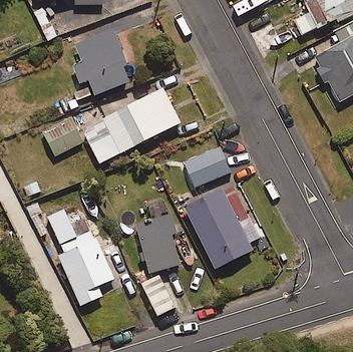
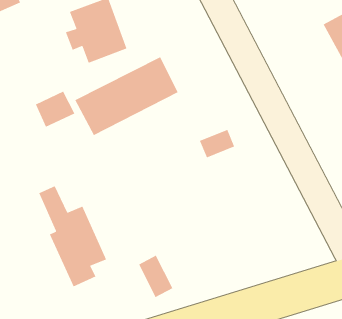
building: [184,187,252,268] -> none
building: [138,217,180,272] -> none

